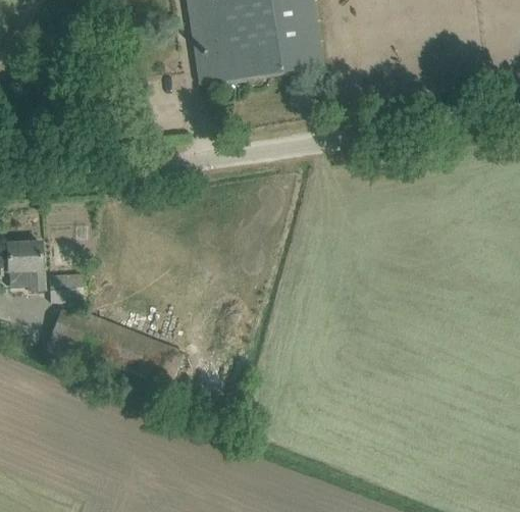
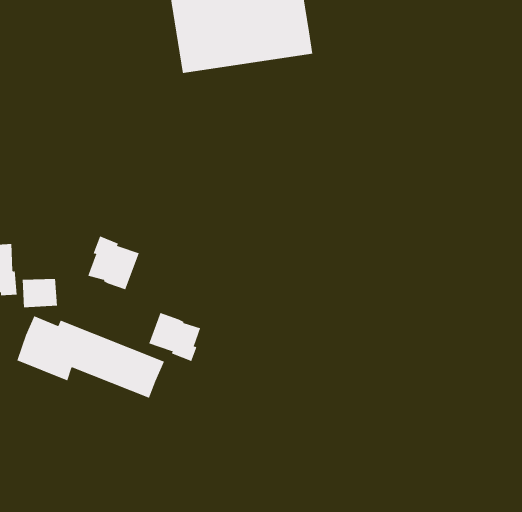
building: none -> [88,235,140,290]
building: none -> [149,312,201,362]

